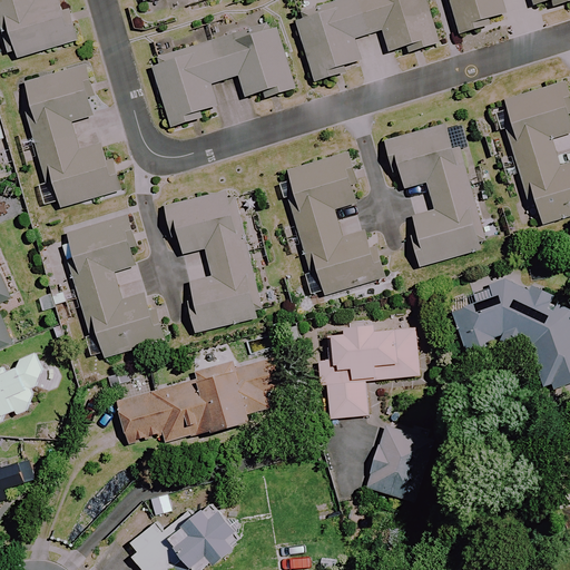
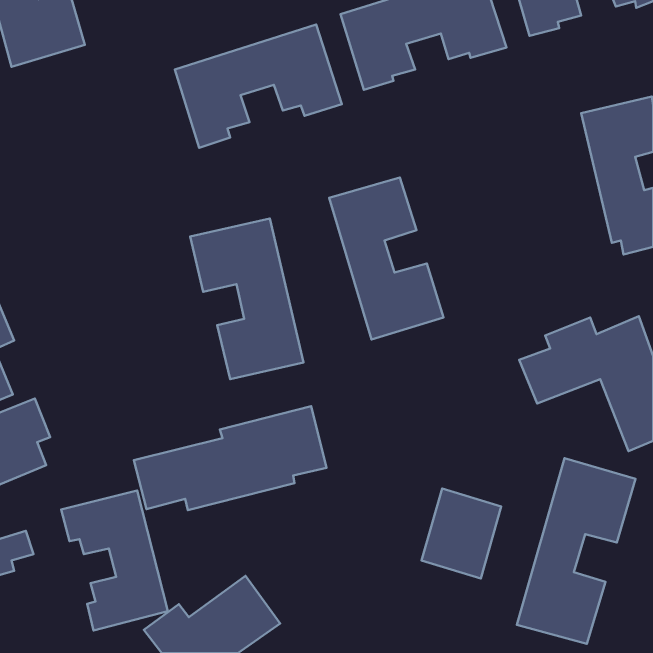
building: [26,63,121,205] -> none
building: [385,121,487,264] -> none
building: [67,215,166,355] -> none
building: [318,323,419,417] -> none
building: none -> [517,458,636,644]
building: none -> [61,490,168,630]

